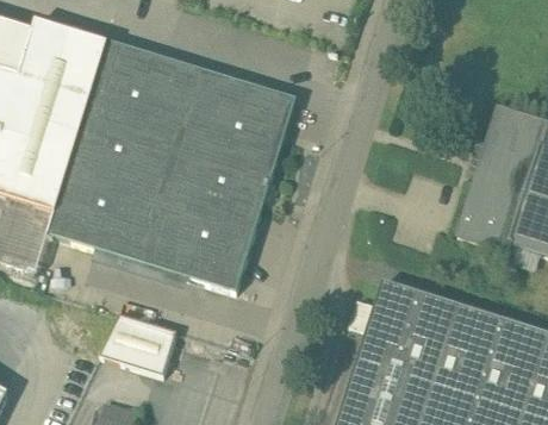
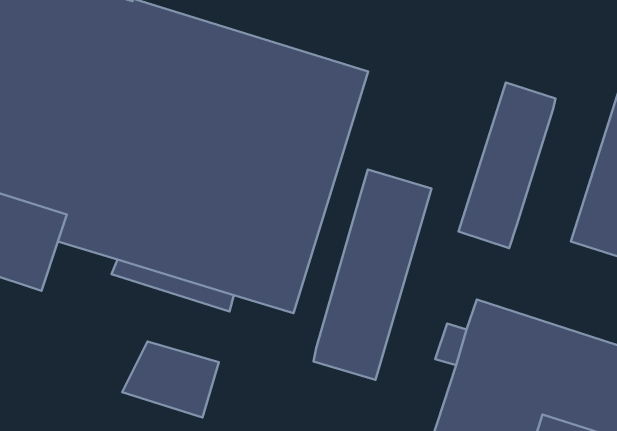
building: none -> [458,83,556,248]
building: none -> [313,169,431,380]

